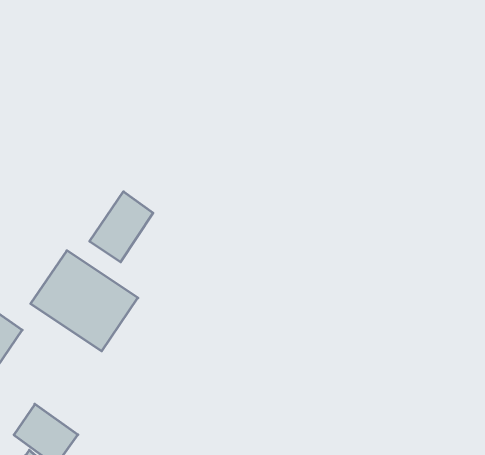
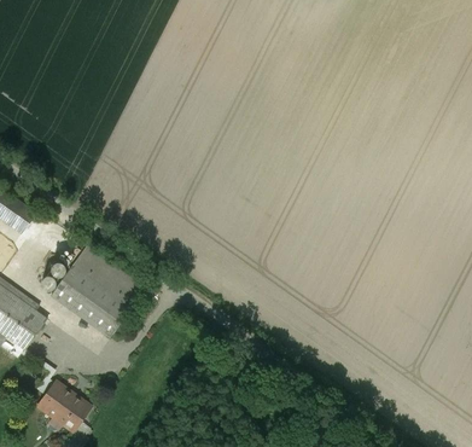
building: [90,192,153,262] -> none

